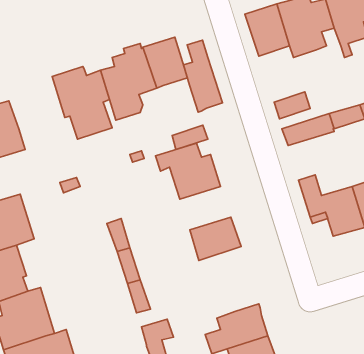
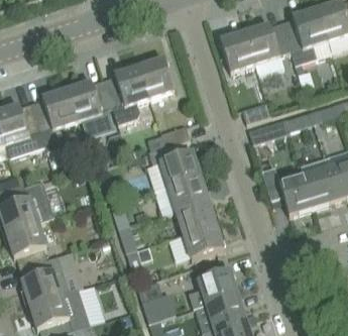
building: [184,40,222,112] -> none
building: none -> [33,88,78,149]
building: none -> [168,175,209,209]
building: none -> [184,222,225,257]

